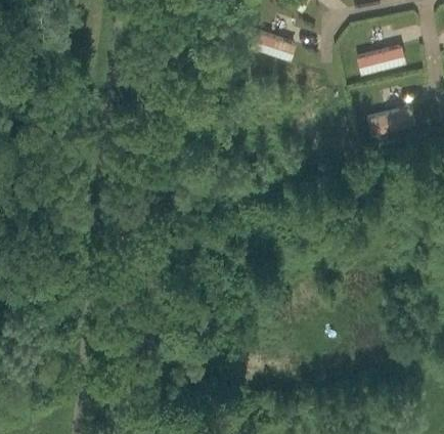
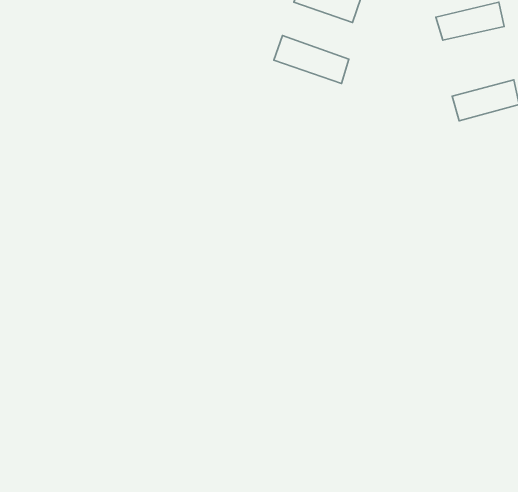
building: none -> [274,36,349,84]

